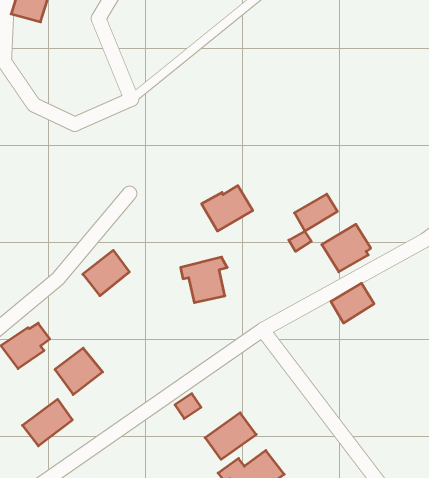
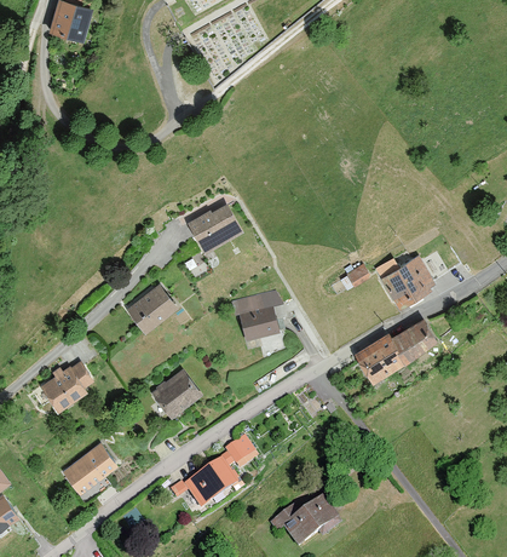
building: [202,186,253,231] -> [188,203,242,252]
building: [294,194,337,231] -> none
building: none -> [356,334,404,380]
building: [55,348,103,395] -> [151,368,202,418]
building: [205,413,256,459] -> [184,458,238,507]

